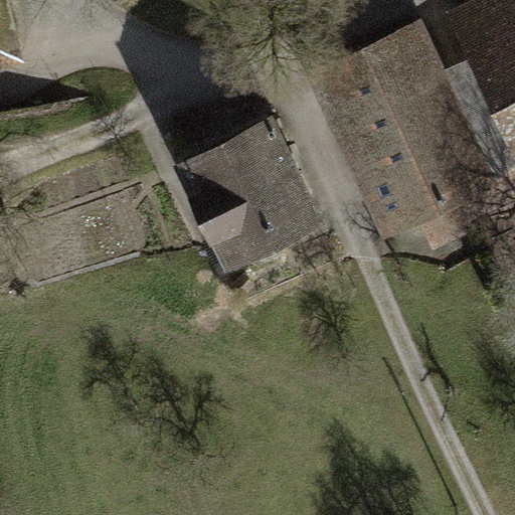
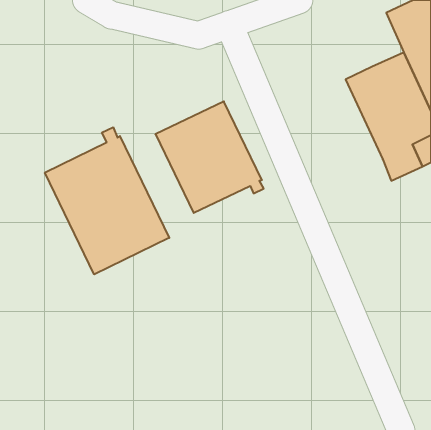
building: [318,27,456,223] -> none
building: none -> [45,127,169,274]

